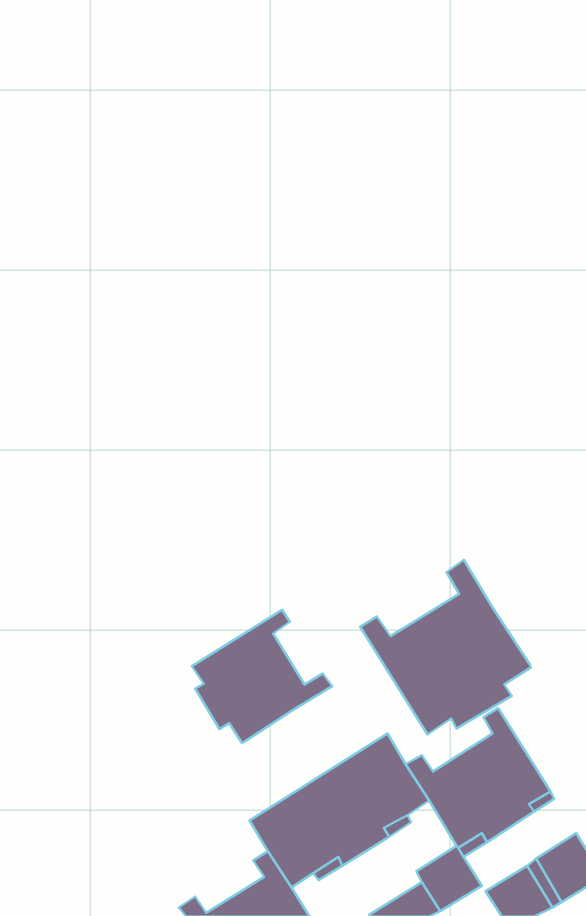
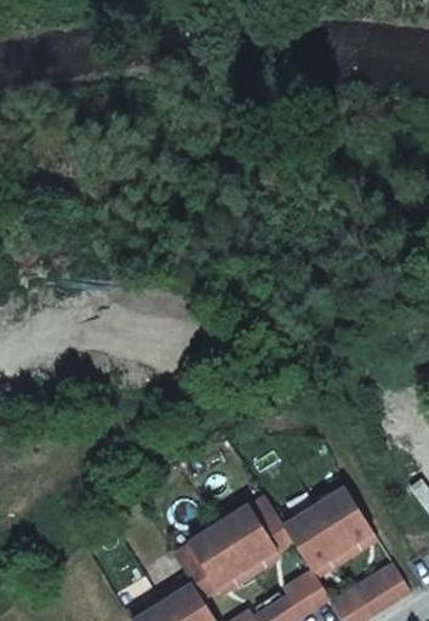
building: [360,560,531,734] -> none
building: [192,610,332,743] -> none

